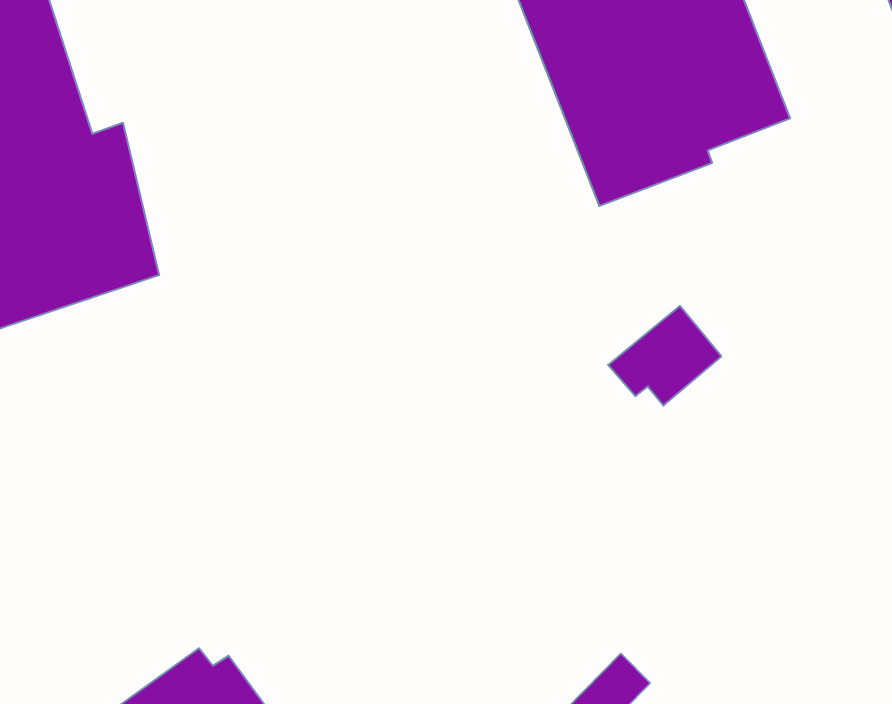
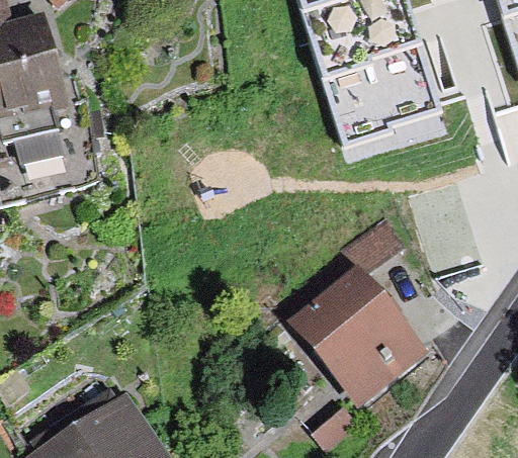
building: none -> [287,268,430,409]

